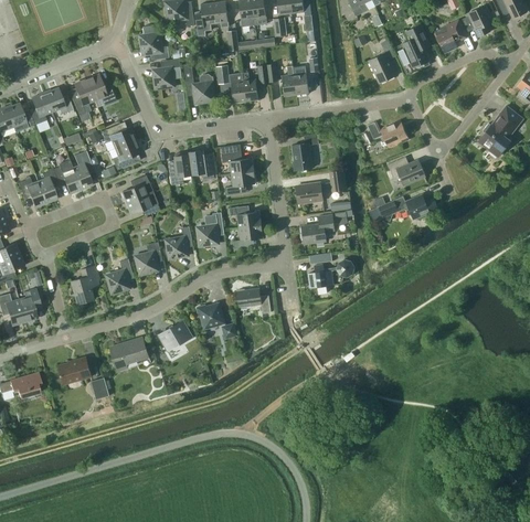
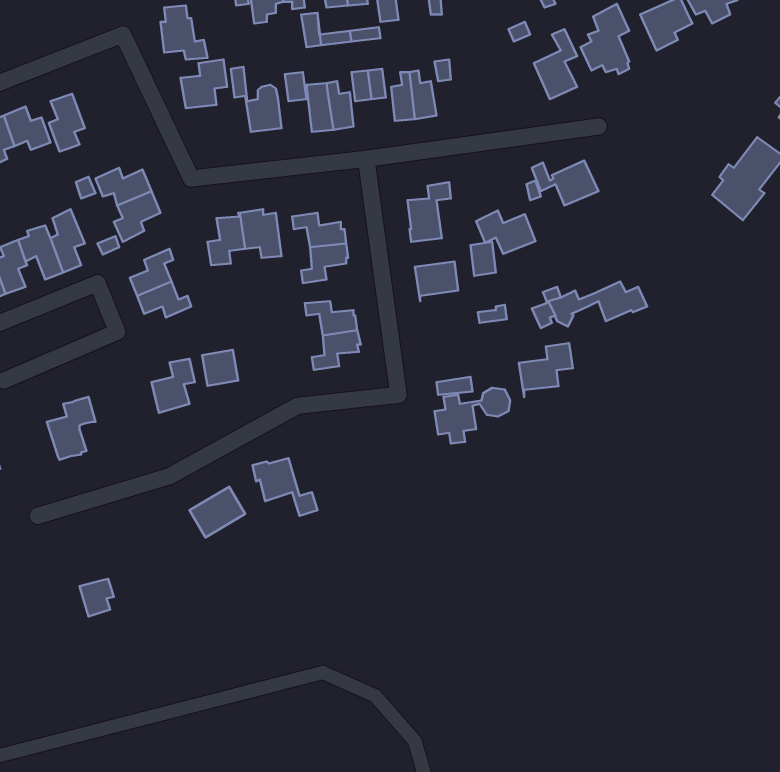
building: [86,74,116,106] -> none
building: [388,158,424,184] -> [476,210,536,254]
building: [197,212,224,246] -> none
building: [301,214,335,247] -> [519,343,573,397]
building: [106,258,132,294] -> none
building: [236,288,271,313] -> none
building: [109,337,150,372] -> none
building: [59,356,92,384] -> none

